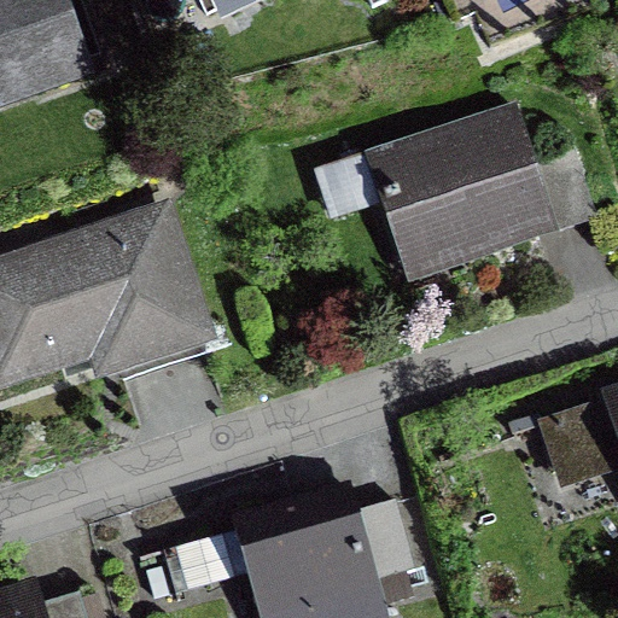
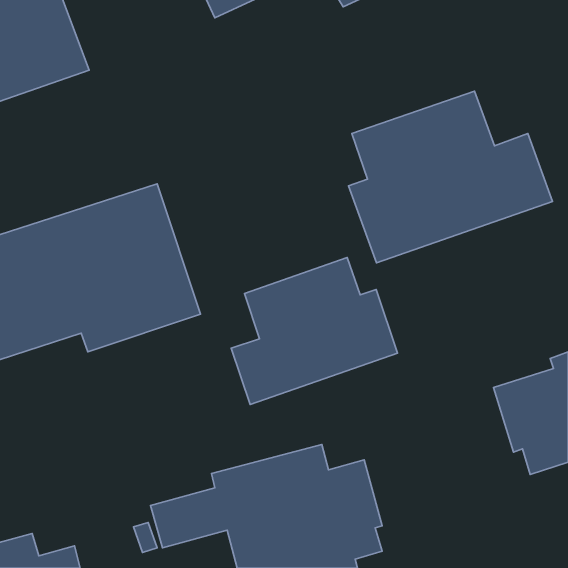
building: none -> [231,257,398,405]

